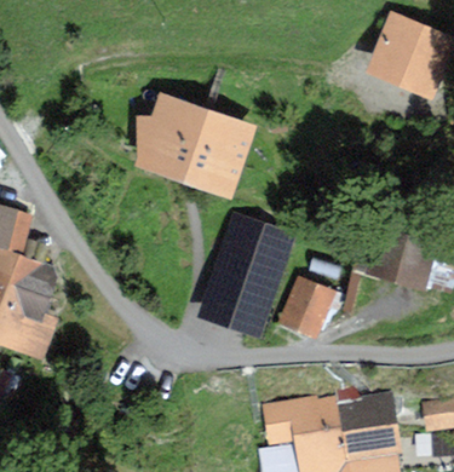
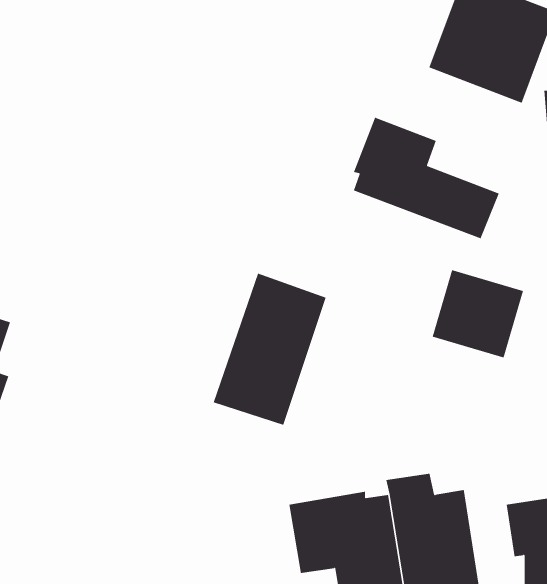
building: [134,86,255,200] -> none
building: none -> [353,117,499,239]
building: [277,275,335,338] -> none

